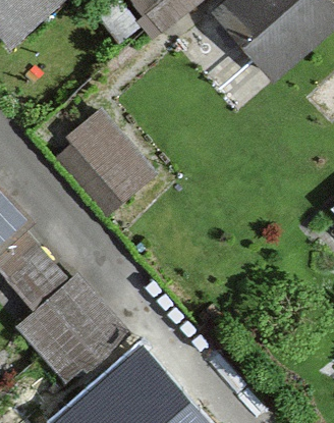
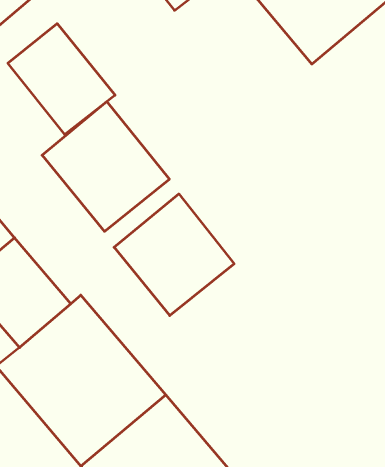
building: none -> [8,24,115,135]
building: none -> [114,194,234,316]

